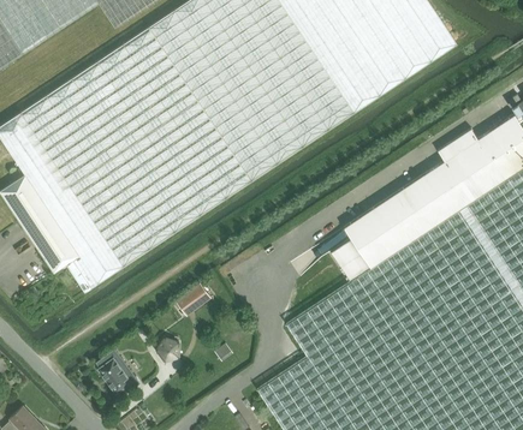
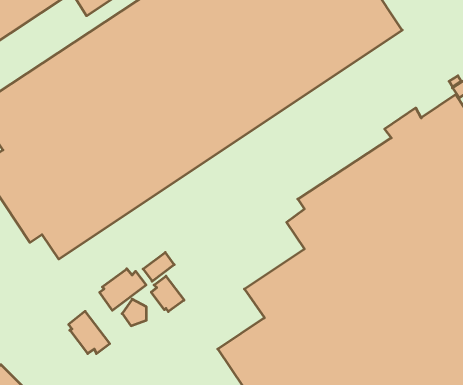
building: none -> [100,269,146,310]
building: none -> [151,276,184,312]

